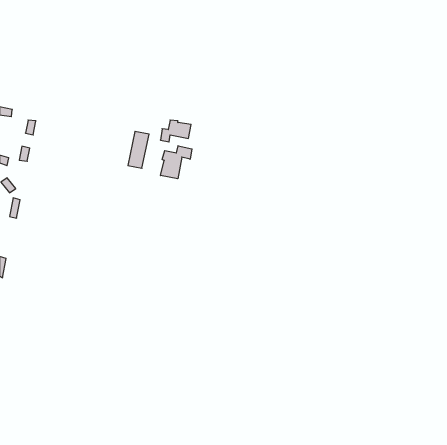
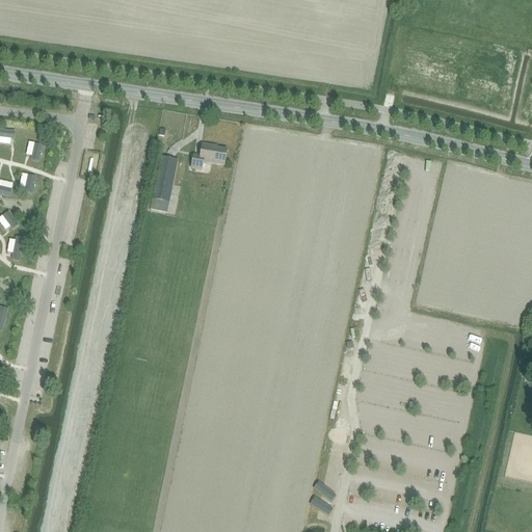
building: [161,146,192,179] -> none

